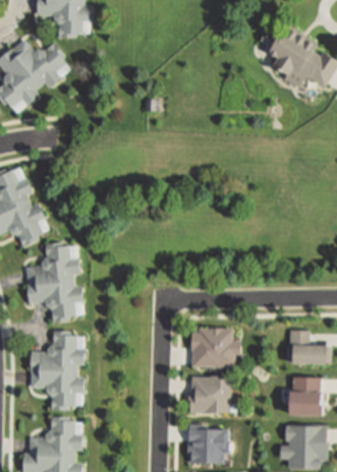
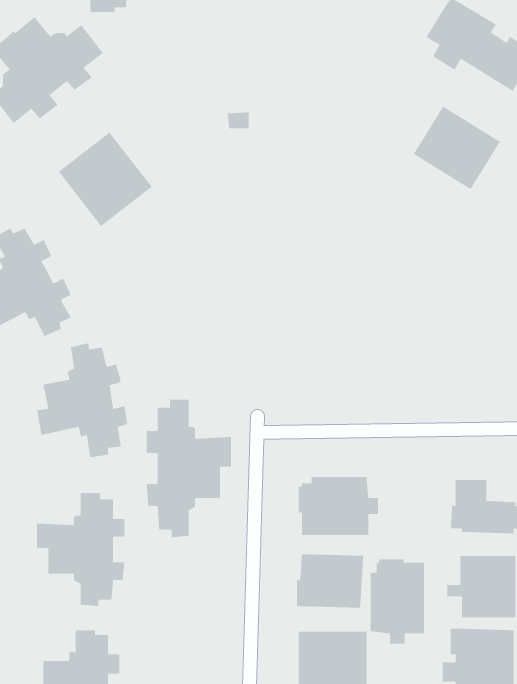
building: none -> [413,106,501,190]
building: none -> [58,131,153,227]
building: none -> [146,399,232,538]
building: none -> [370,558,425,644]

